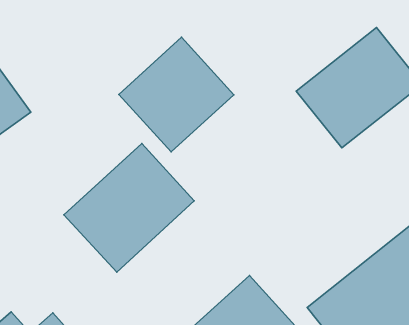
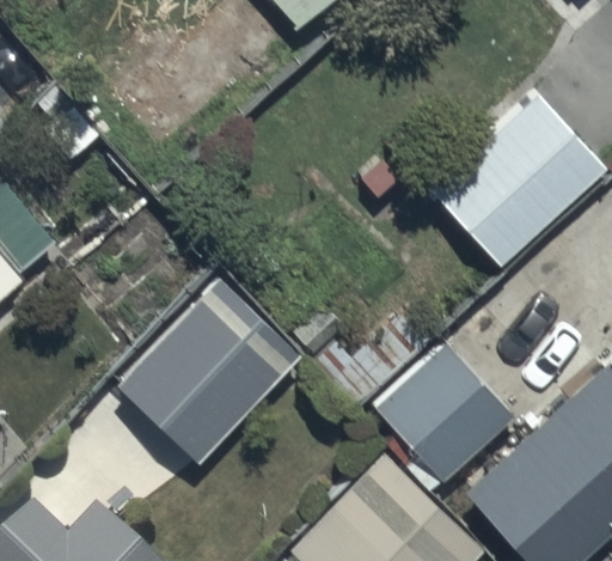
building: [119,37,234,152] -> none
building: none -> [375,346,513,483]

